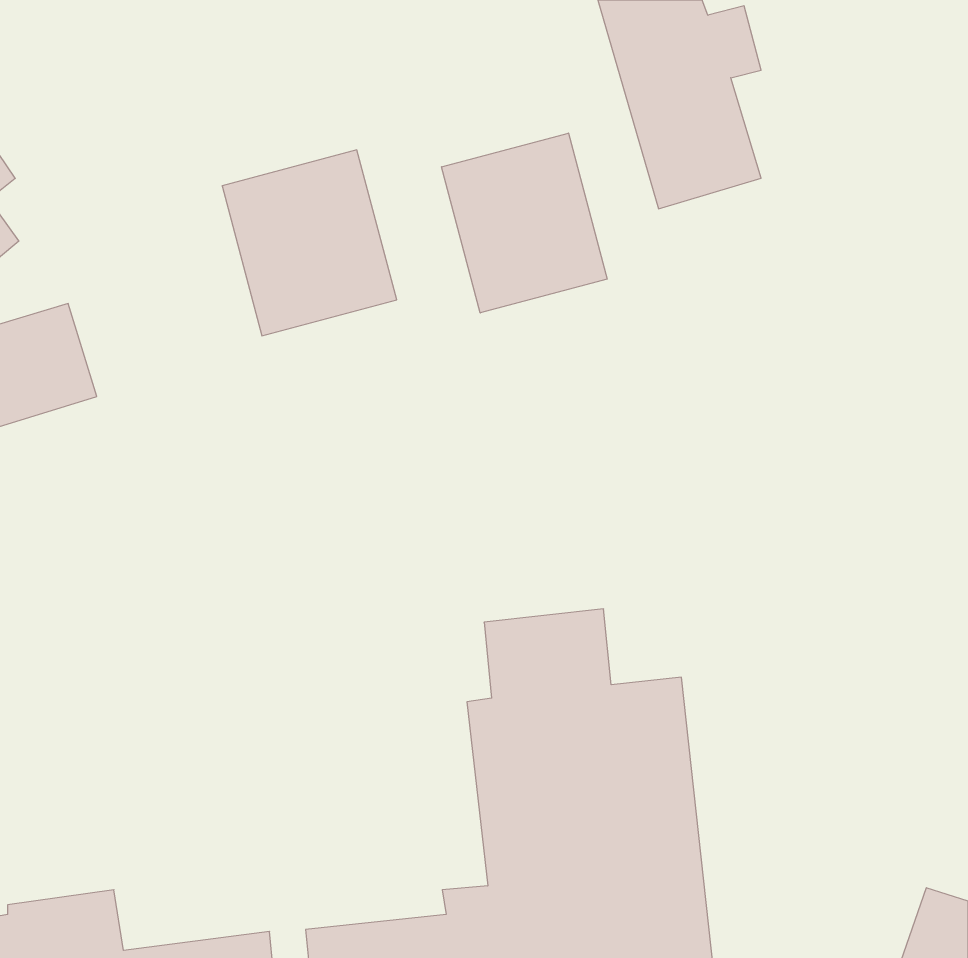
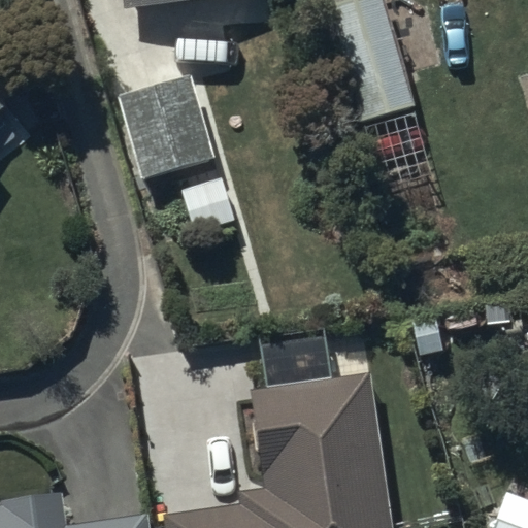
building: [442,133,607,313] -> none

